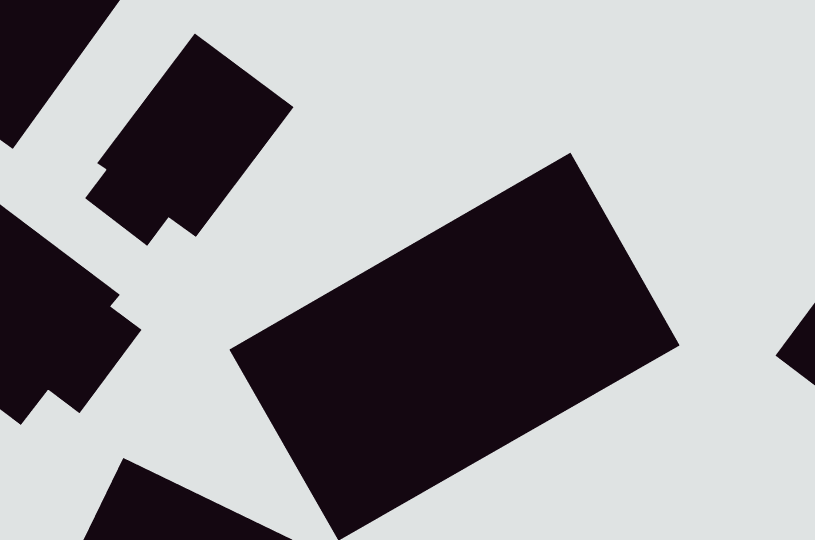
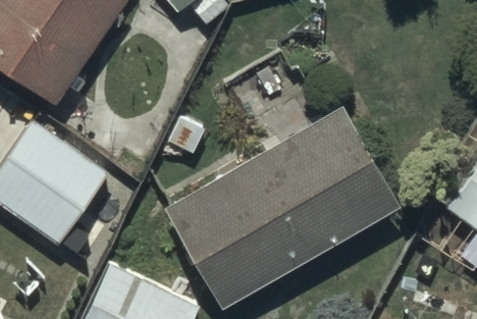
building: [84,33,295,247] -> none

